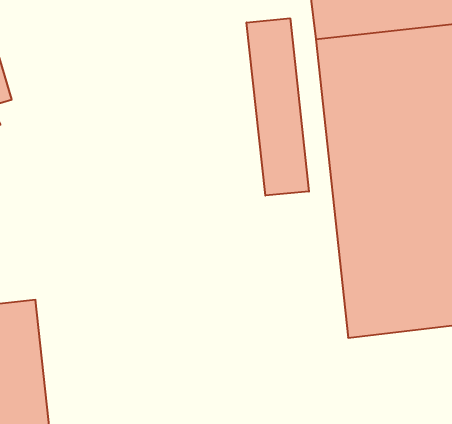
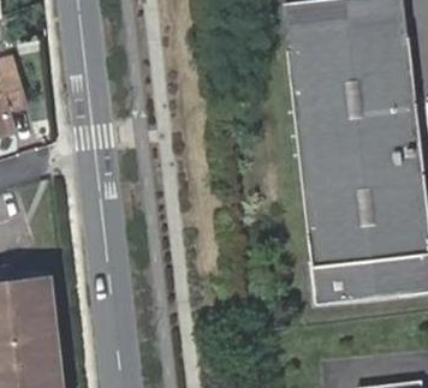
building: [247,18,309,196] -> none

